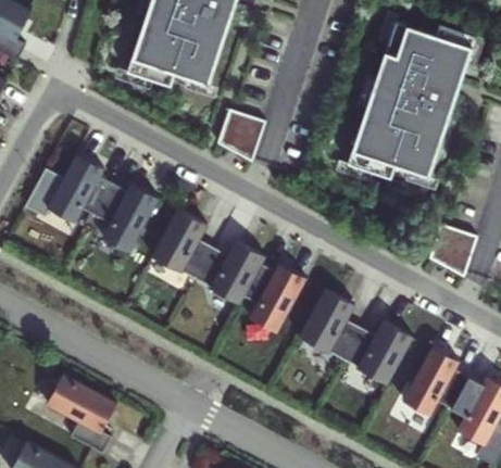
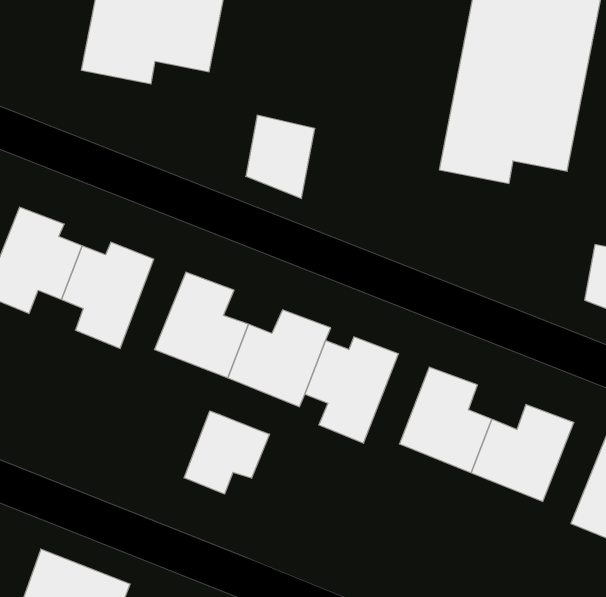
building: none -> [184,411,270,494]

